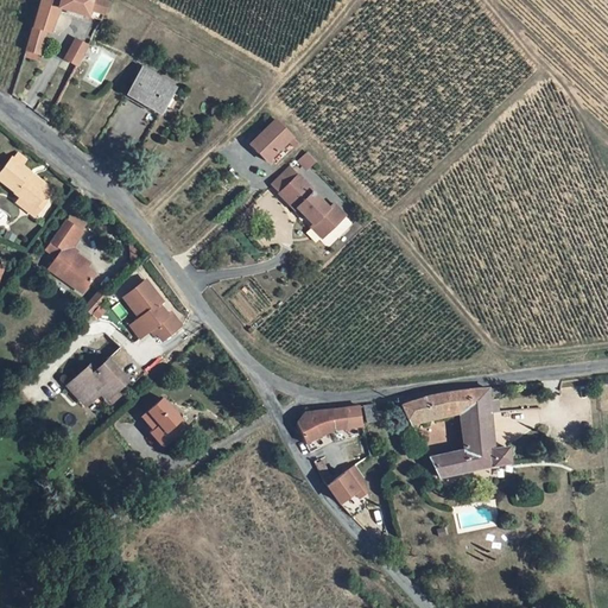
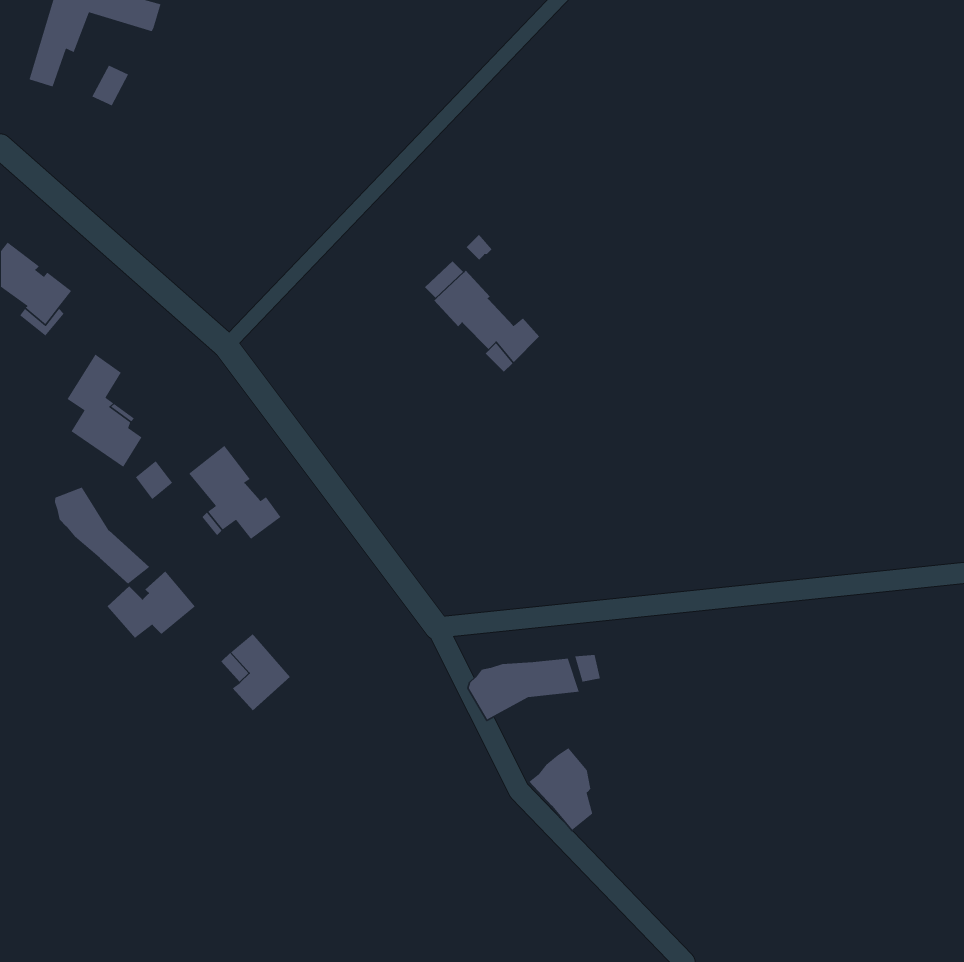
building: [122,70,170,116] -> none
building: [252,113,300,160] -> none
building: none -> [54,486,150,584]
building: [419,388,511,477] -> none

